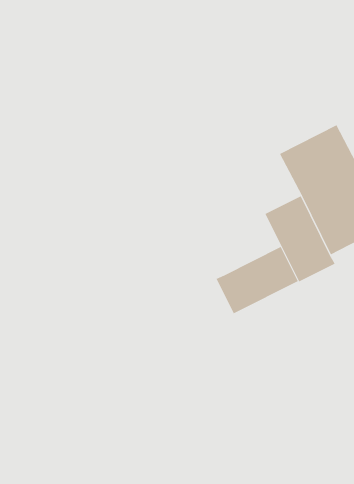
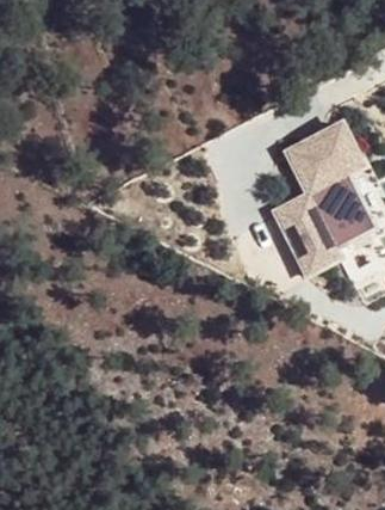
building: [216,246,299,314] -> none

